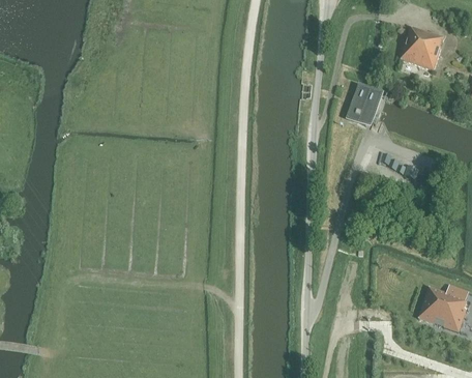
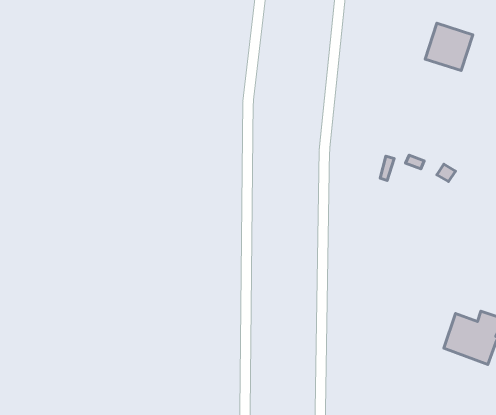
building: [348,88,380,126] -> none

